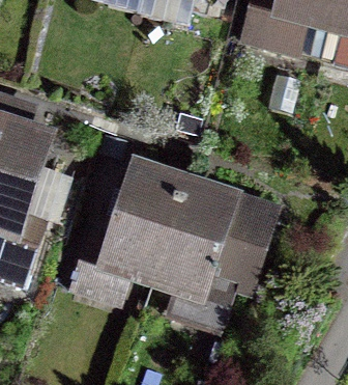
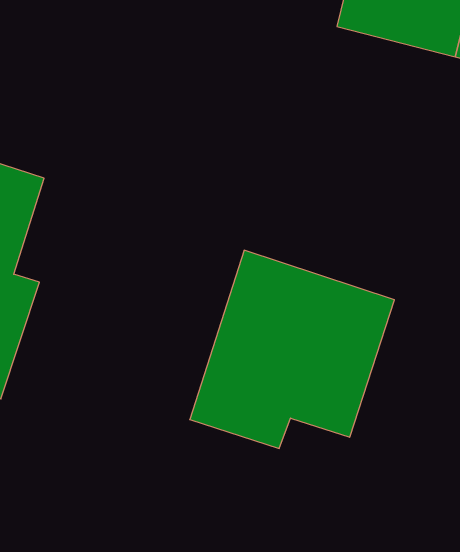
building: [96,159,183,285] -> none

